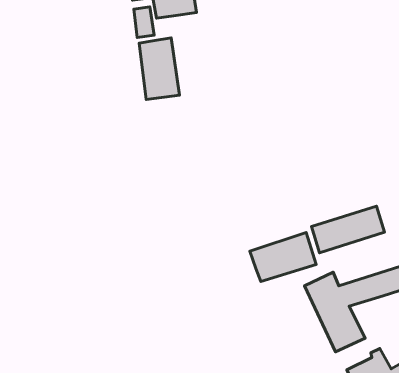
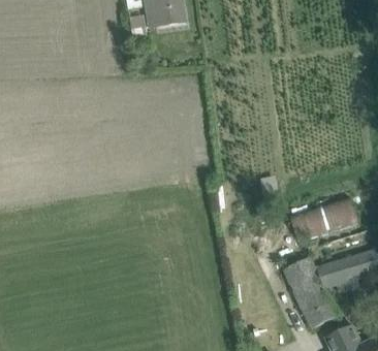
building: [139,38,179,99] -> none
building: [250,233,316,282] -> none

